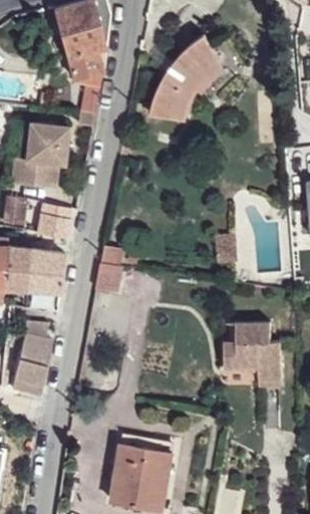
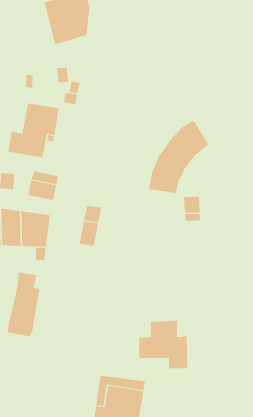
building: [150,34,221,119] -> [148,120,209,194]
building: [67,48,105,81] -> none
building: [223,324,280,380] -> [139,320,188,369]

